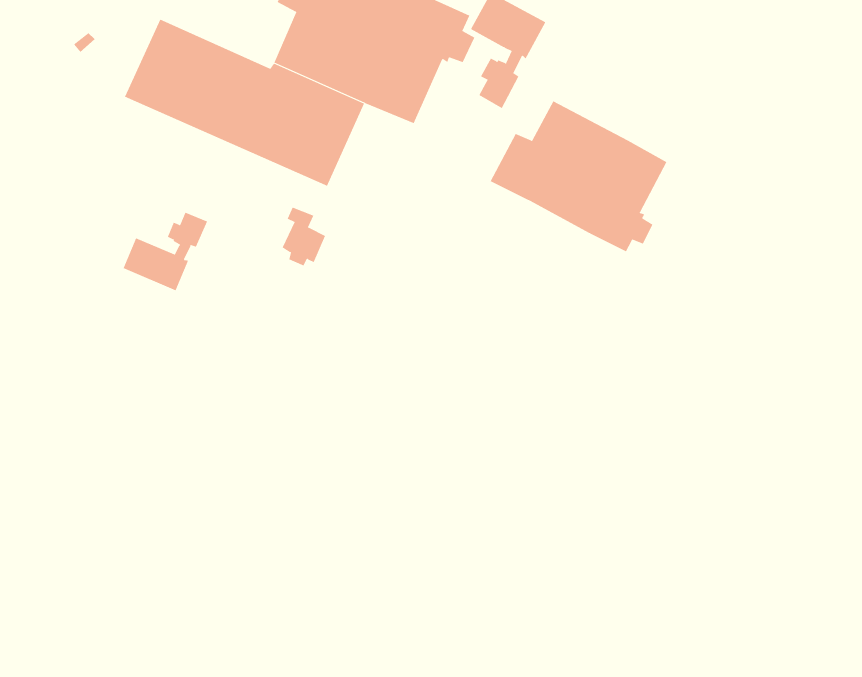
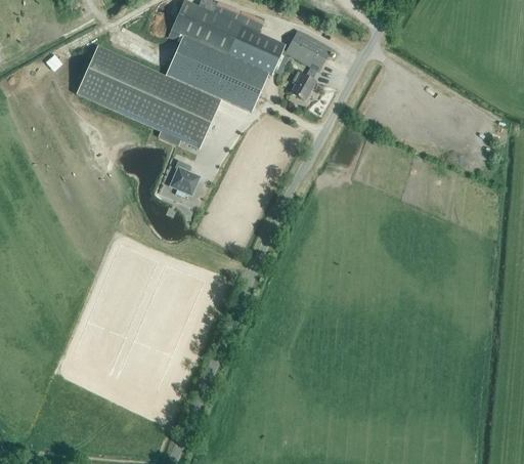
building: [490,101,667,252] -> none
building: [123,212,208,291] -> none

